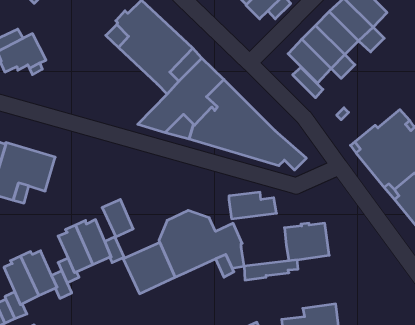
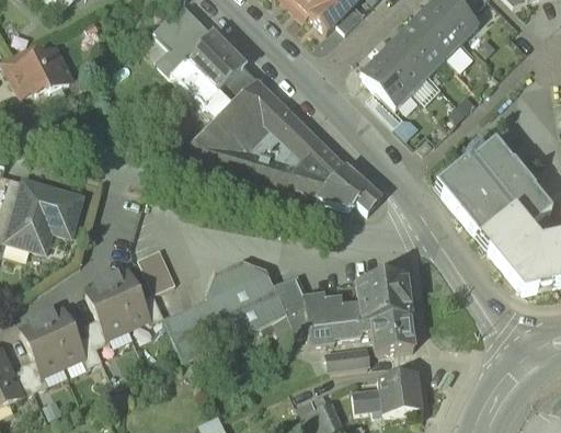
building: [229,192,277,219] -> [306,296,363,328]
building: none -> [373,315,415,352]
building: none -> [328,349,369,371]

